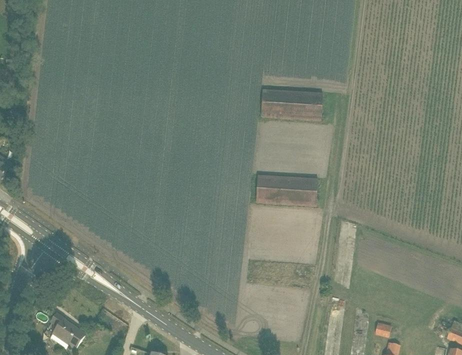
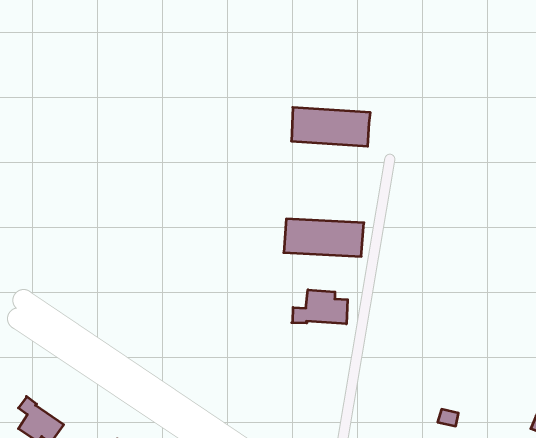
building: none -> [292,290,348,324]

